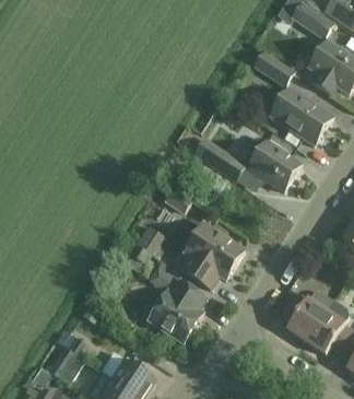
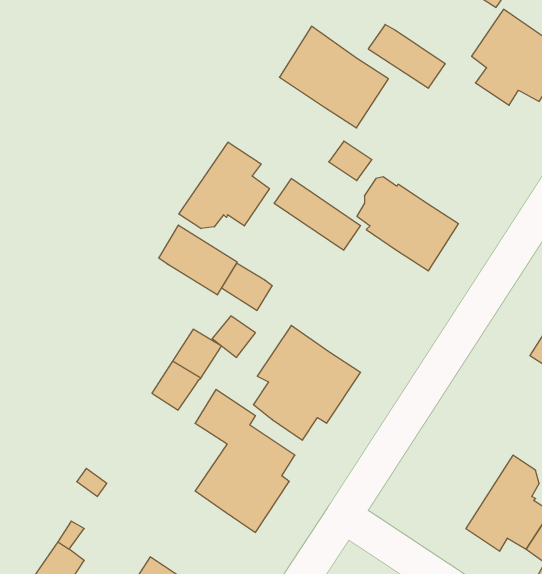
building: [270,86,333,145] -> [279,26,388,128]
building: none -> [179,142,269,229]
building: none -> [159,225,237,295]
building: [281,290,333,341] -> none

